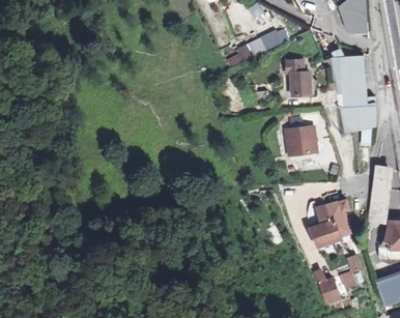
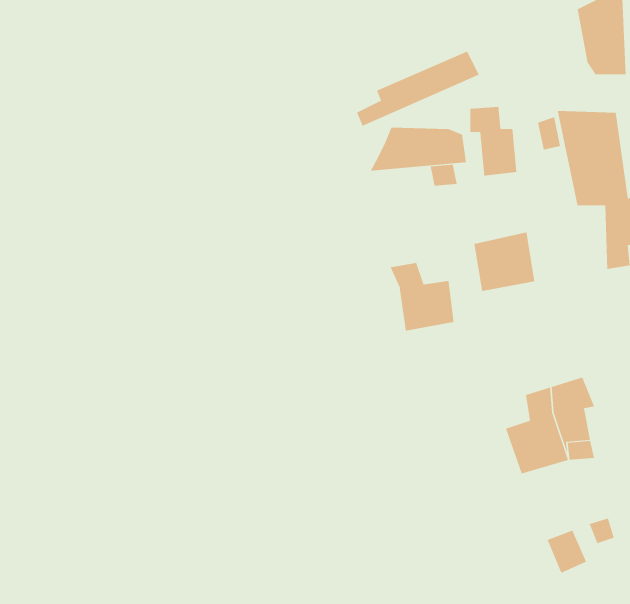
building: none -> [370,127,467,172]
building: none -> [390,262,454,331]

